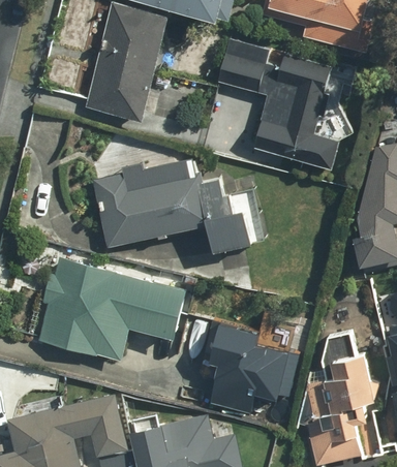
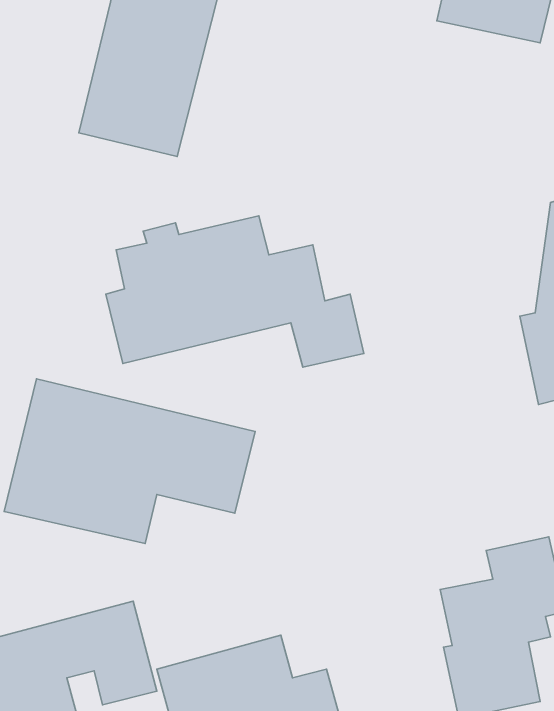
building: [213,42,354,168] -> none
building: [207,324,296,415] -> none

